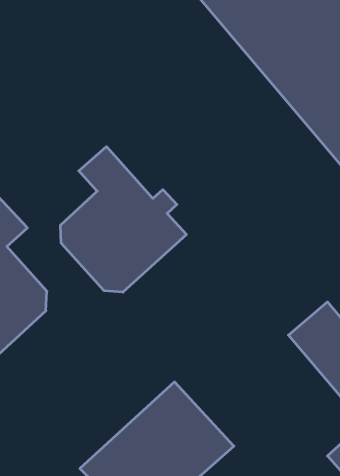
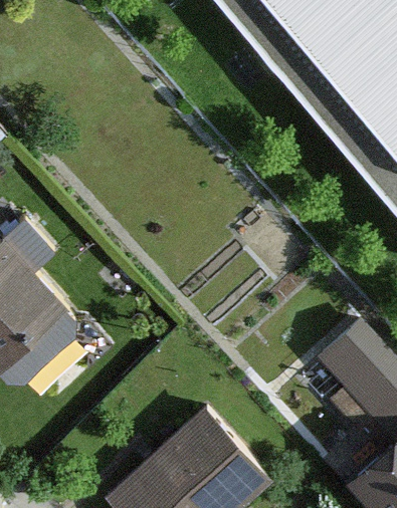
building: [61,147,186,292] -> none

